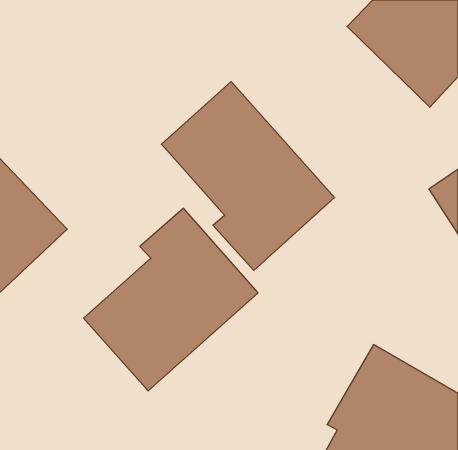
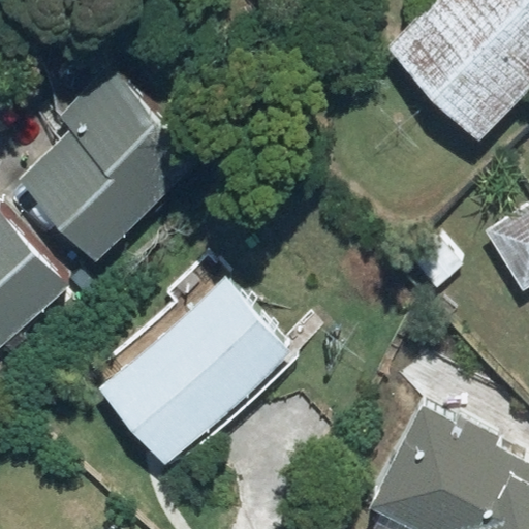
building: none -> [24,58,203,252]
building: [161,82,335,270] -> none

